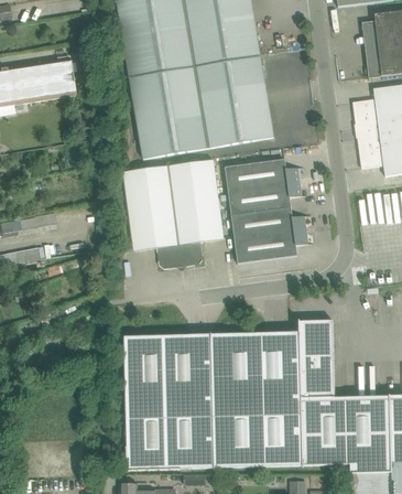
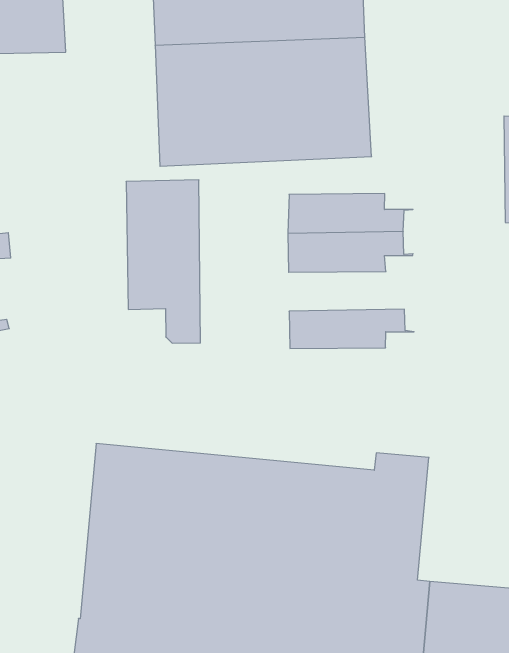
building: [169,159,224,266] -> none
building: [231,207,311,239] -> none

